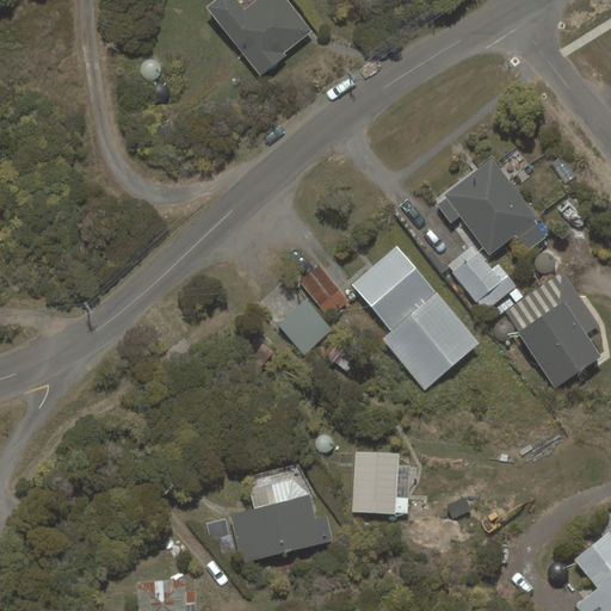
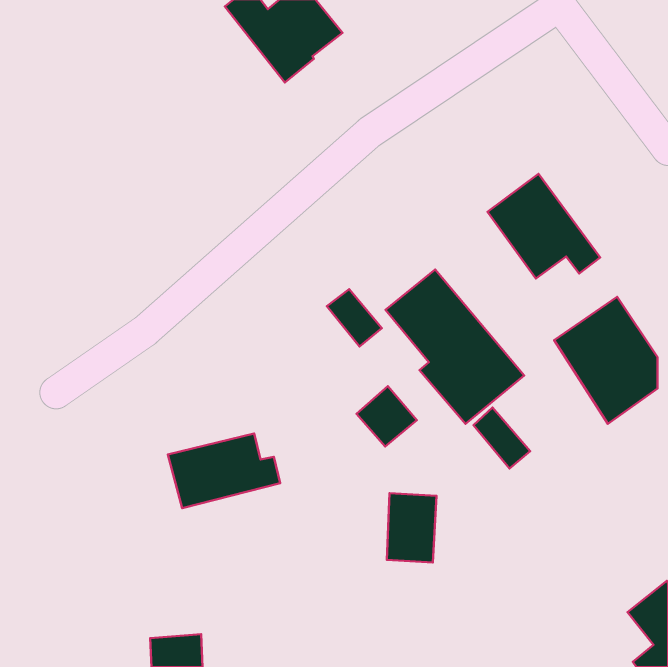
building: [451,249,516,310] -> none
building: [278,298,333,353] -> [357,386,417,446]
building: none -> [473,407,530,469]
building: [230,494,333,562] -> [168,433,280,508]

